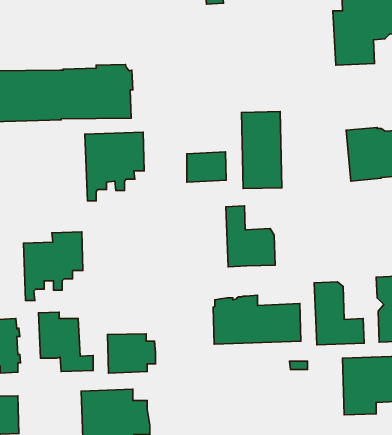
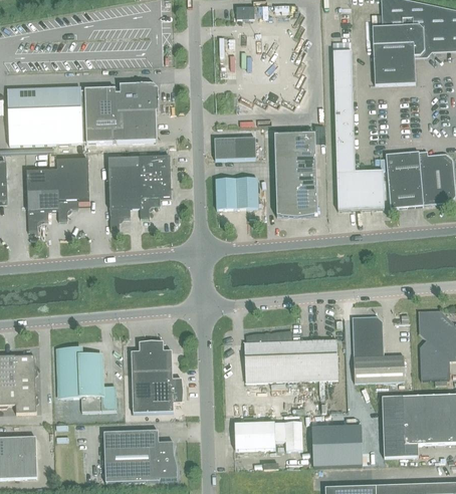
building: none -> [332,50,384,210]
building: none -> [214,137,256,160]
building: [226,206,275,267] -> none
building: [23,232,83,301] -> [26,159,89,232]
building: none -> [132,340,173,372]
building: none -> [285,421,302,450]
building: none -> [234,422,275,450]
building: none -> [311,425,363,466]

